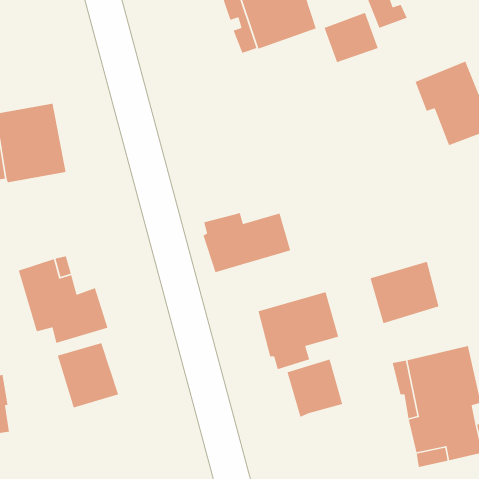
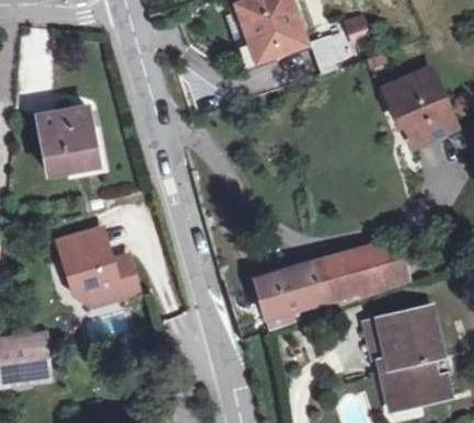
building: [202,212,291,273] -> none
building: [57,342,119,409] -> none
building: [287,359,343,418] -> [314,251,361,300]

